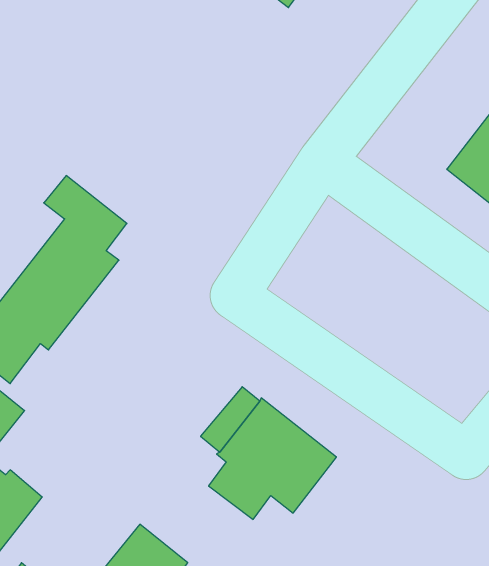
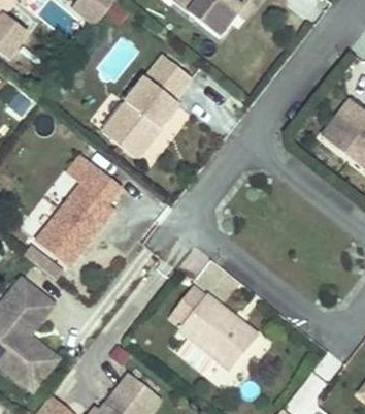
building: none -> [109,60,192,159]

